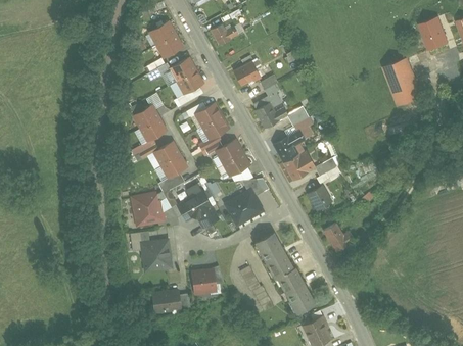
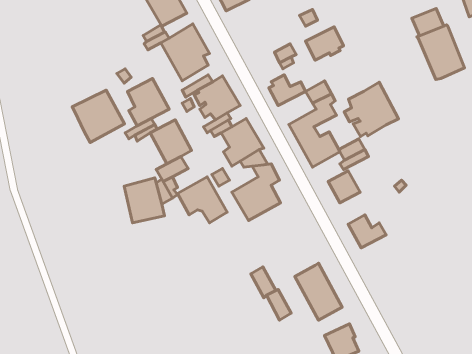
building: none -> [412,8,444,36]
building: [230,57,263,86] -> [306,27,344,60]
building: none -> [344,82,398,137]
building: none -> [72,90,124,142]
building: [254,229,293,275] -> none
building: [129,231,172,273] -> none
building: [190,264,224,295] -> none
building: [150,287,190,312] -> none

